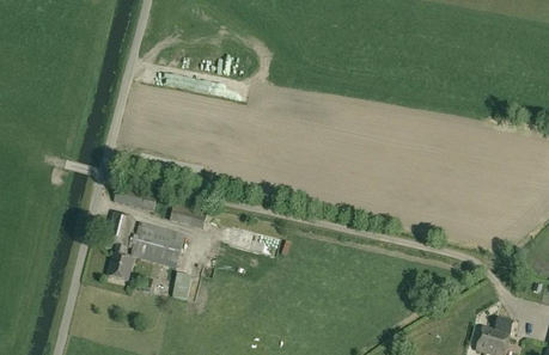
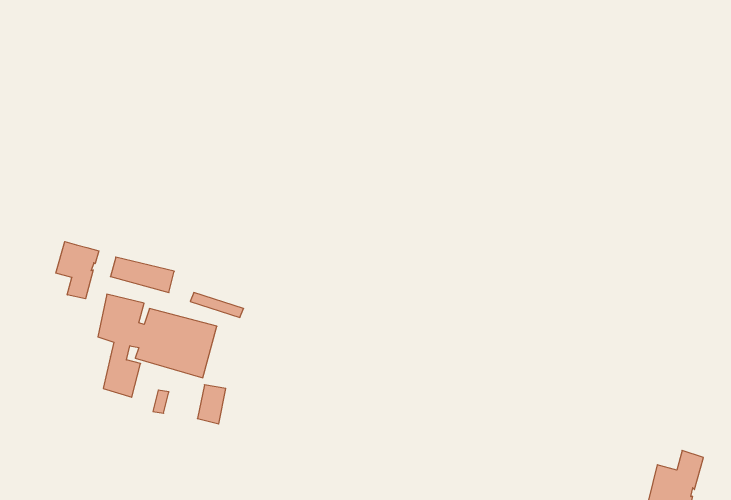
building: none -> [56,242,99,299]

